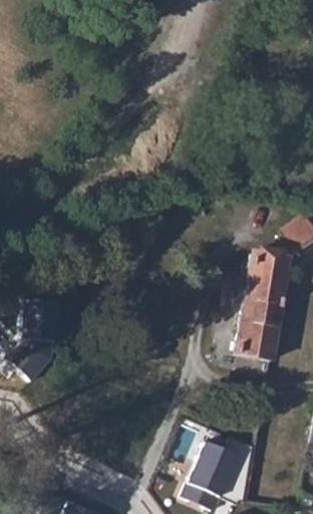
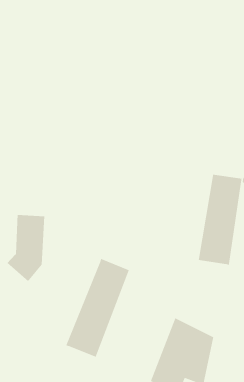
building: none -> [65,258,130,358]

